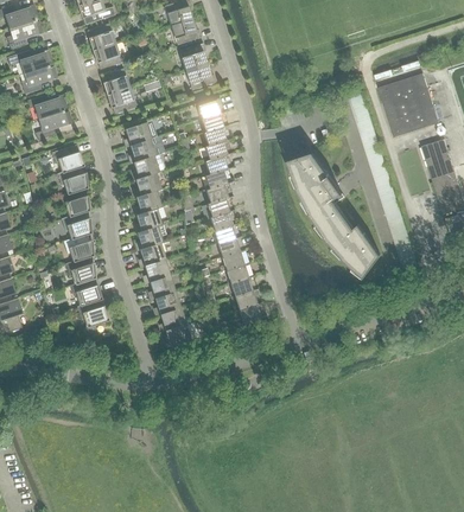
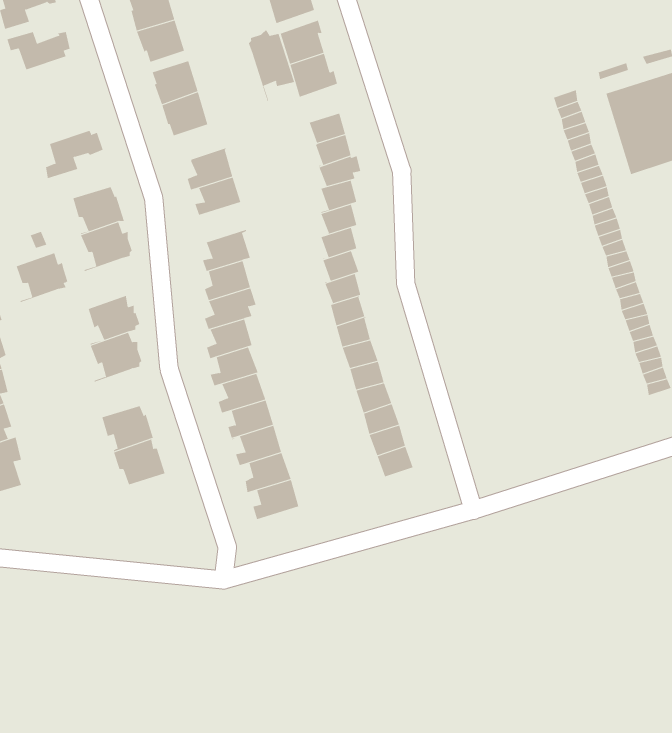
building: none -> [248,29,295,102]
building: [21,65,57,94] -> none
building: [27,95,66,119] -> none
building: [287,152,380,277] -> none
building: [129,153,165,179] -> none
building: [59,188,91,219] -> [16,252,68,303]
building: [65,256,97,286] -> none

